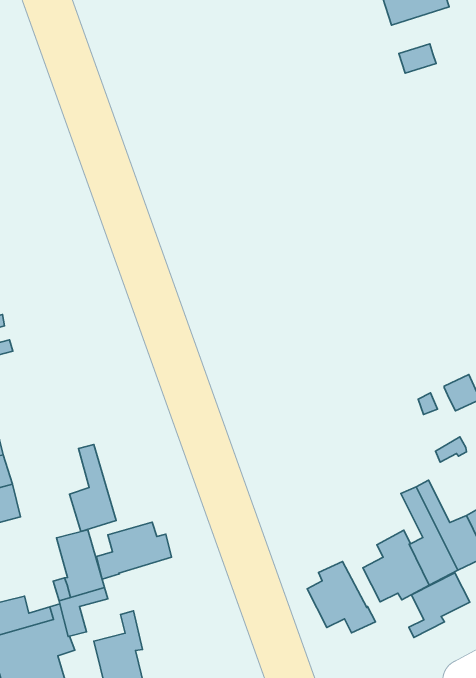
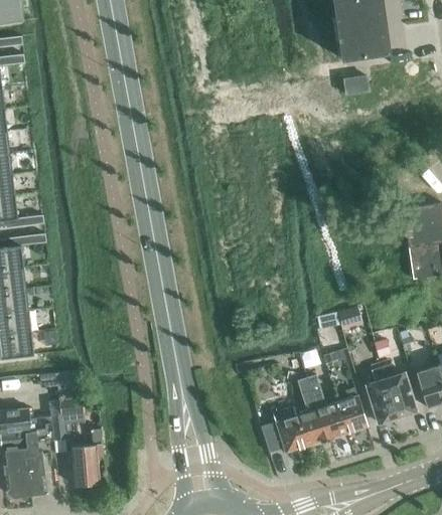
building: [70,444,116,531] -> none
building: [96,522,172,579] -> none
building: [307,561,376,633] -> none
building: [409,573,470,638] -> none

